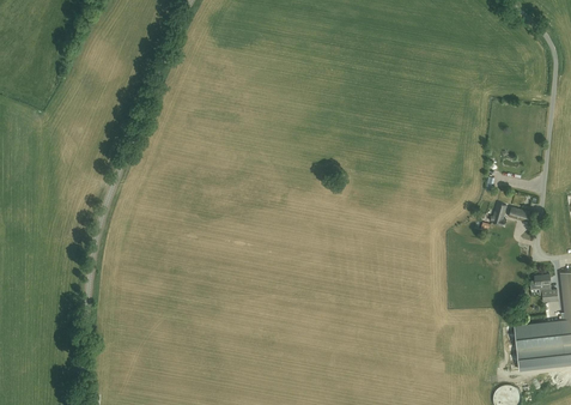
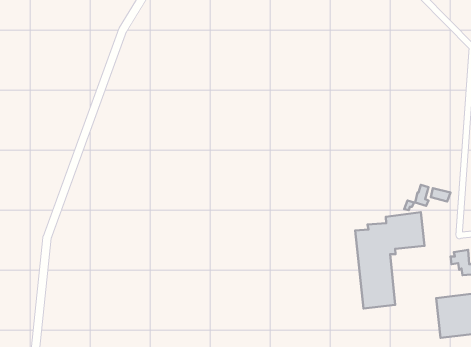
building: none -> [355,212,424,308]

